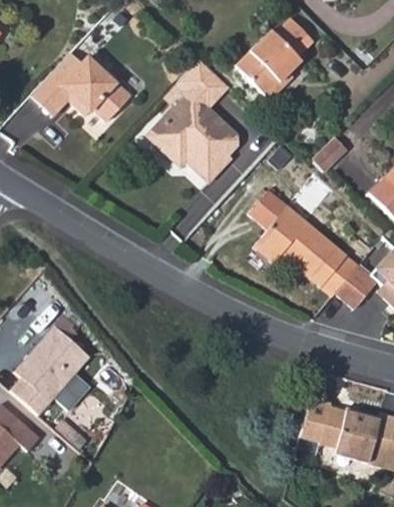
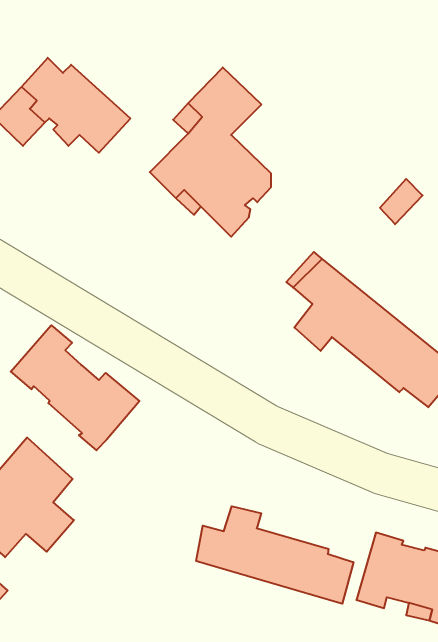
building: [238,17,316,93] -> none
building: none -> [11,325,139,450]
building: none -> [196,506,353,604]

